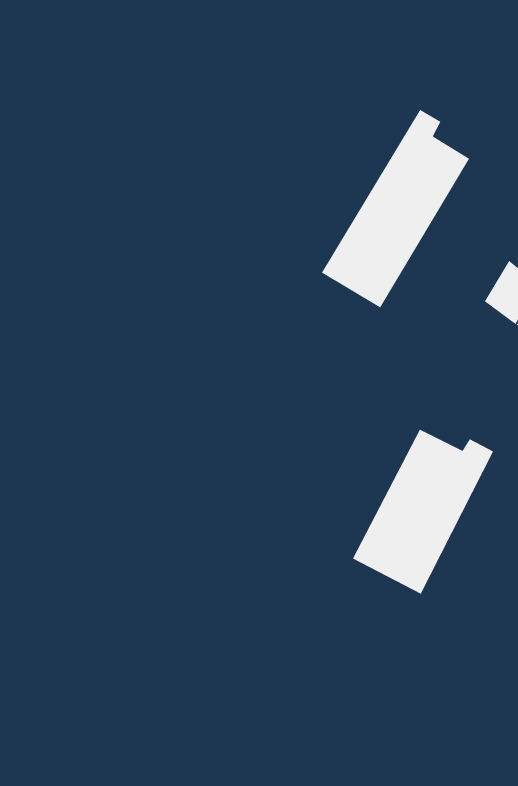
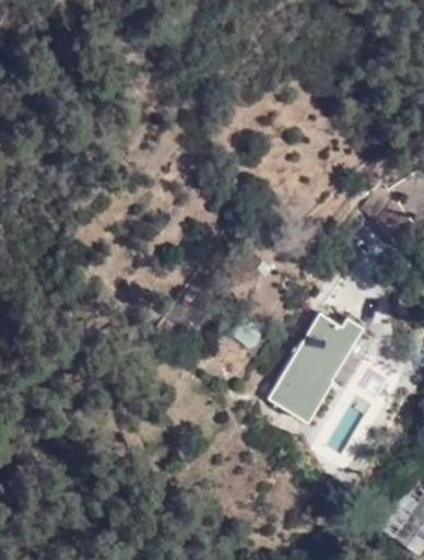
building: [321,109,470,308] -> none

